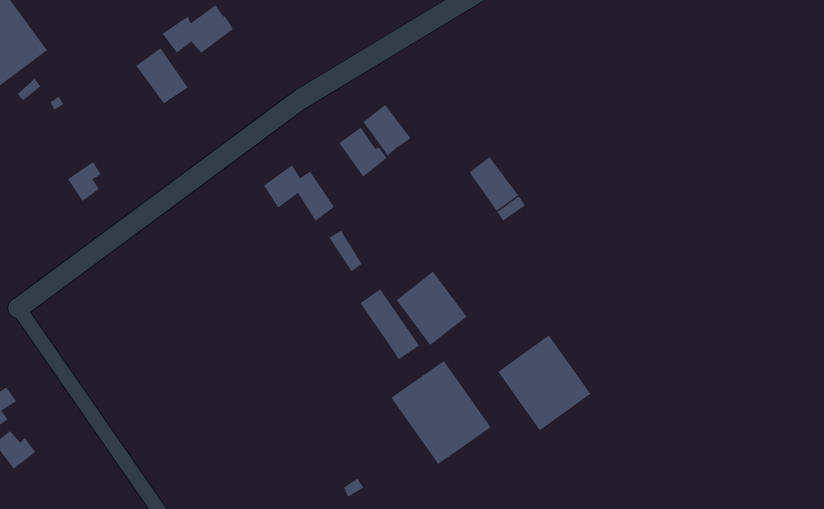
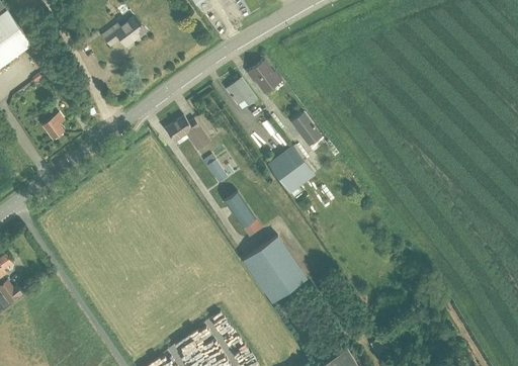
building: [136,47,188,104] -> none
building: [338,127,387,178] -> [249,61,279,92]
building: [396,271,468,346] -> [268,146,313,192]
building: [498,334,591,431] -> none

